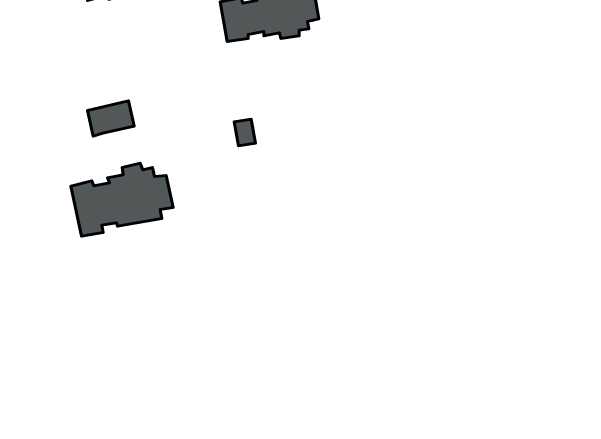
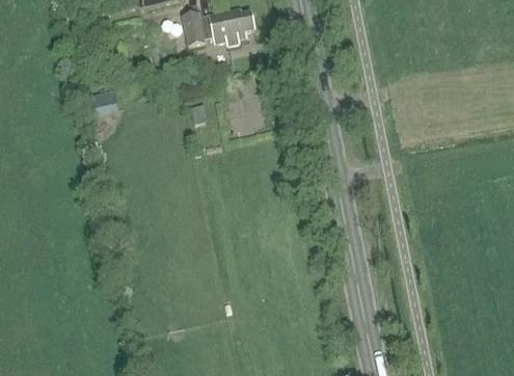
building: [71,163,173,236] -> none

